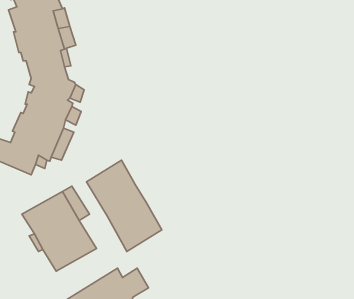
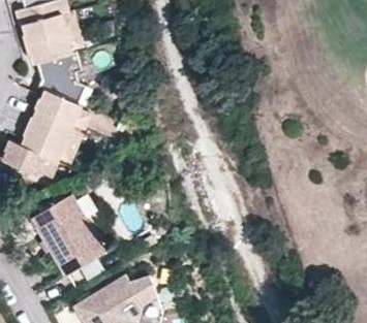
building: [87,160,162,251] -> none

